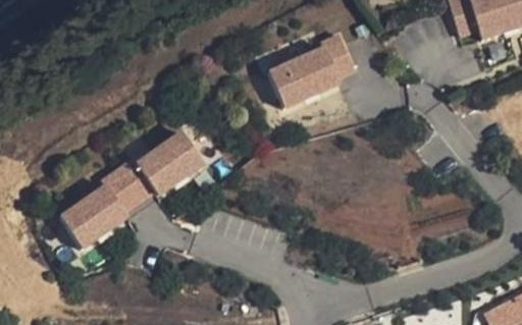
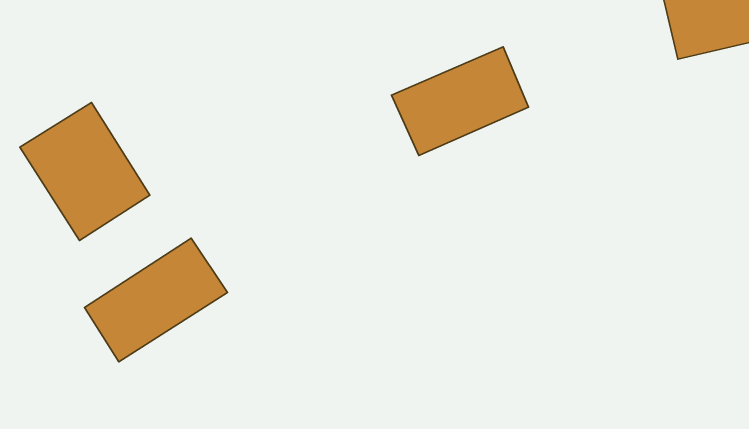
building: none -> [20,103,150,241]
building: [135,127,207,196] -> none

